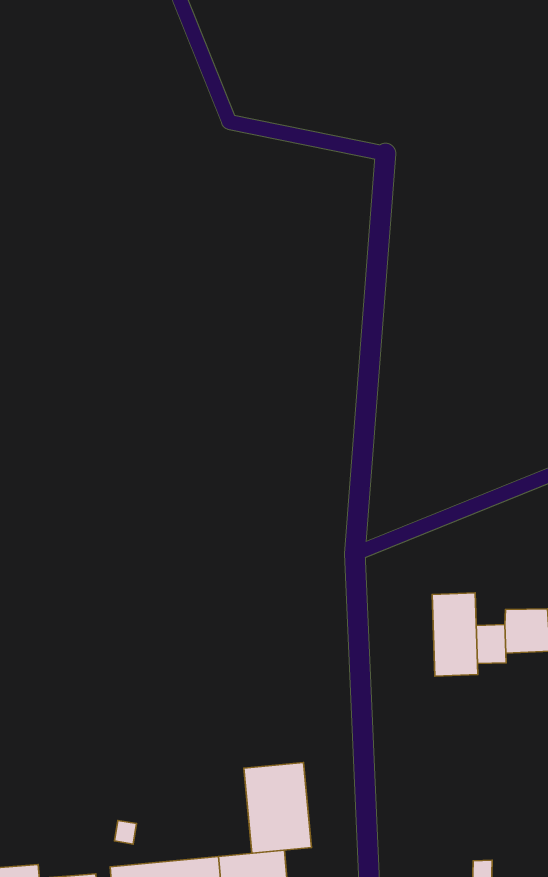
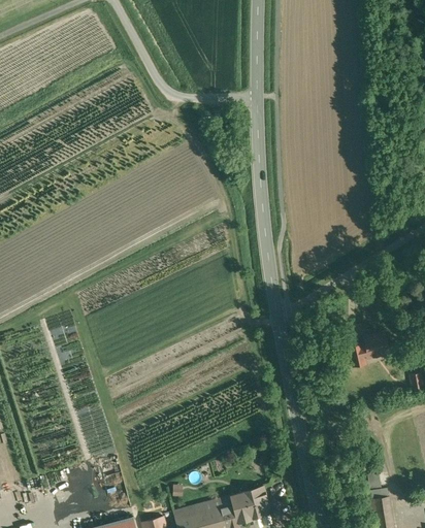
building: [432,593,478,676] -> none
building: [244,762,311,853] -> none

